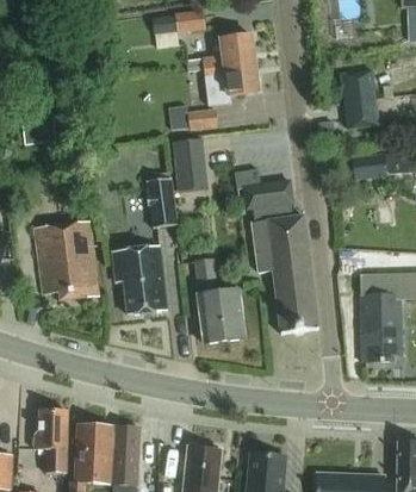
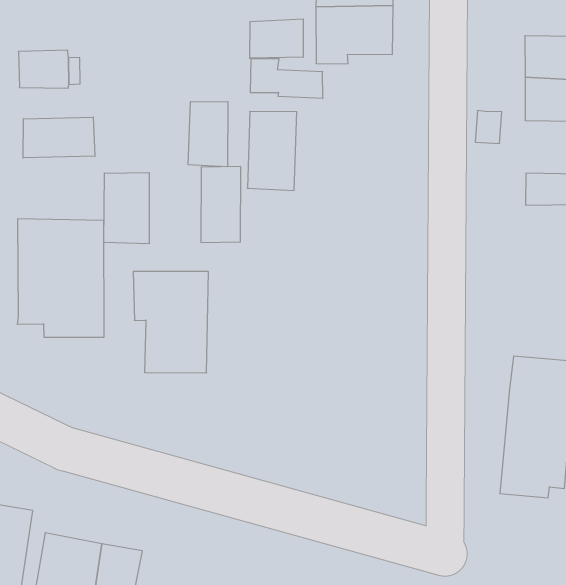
building: none -> [250,19,303,58]
building: none -> [188,102,228,167]
building: none -> [23,117,95,158]
building: [235,168,317,334] -> none
building: none -> [104,173,149,244]
building: [194,259,243,343] -> none

